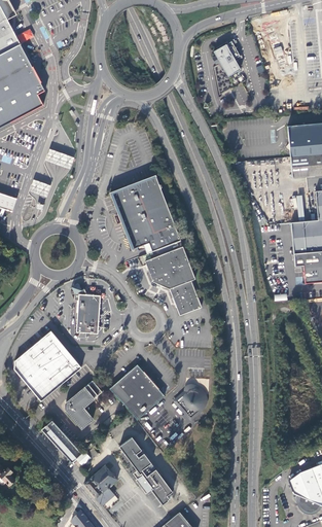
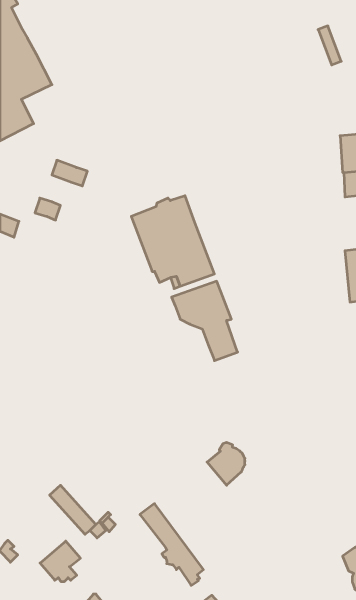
building: [213,40,240,76] -> none
building: [71,283,101,338] -> none
building: [13,329,80,400] -> none
building: [110,364,166,420] -> none
building: [67,380,102,428] -> none
building: [83,464,117,498] -> [40,541,80,581]

